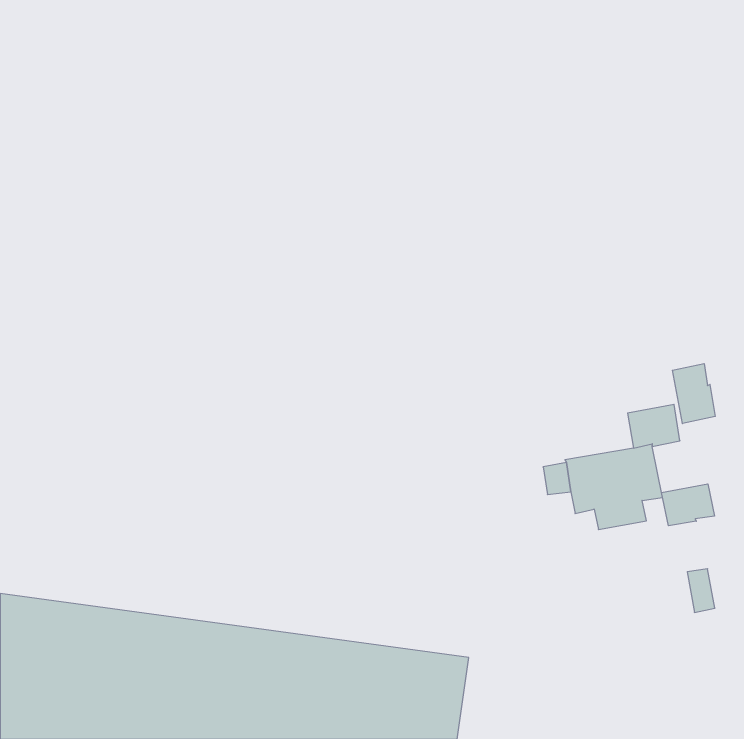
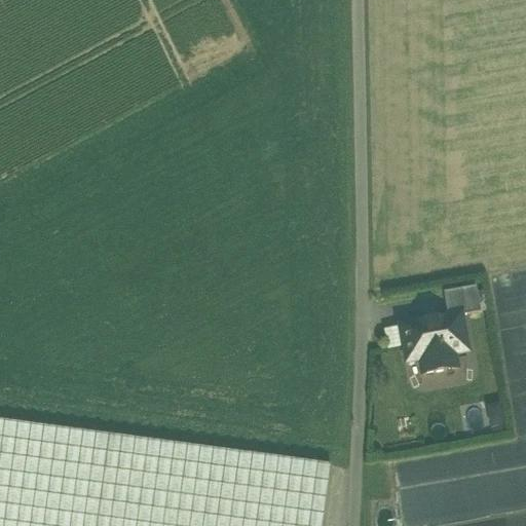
building: [672,364,715,424] -> none
building: [661,484,714,526] -> none

